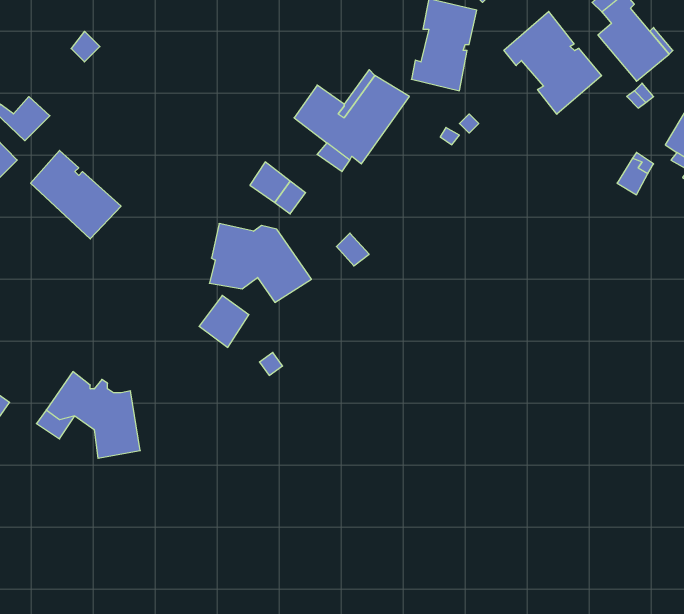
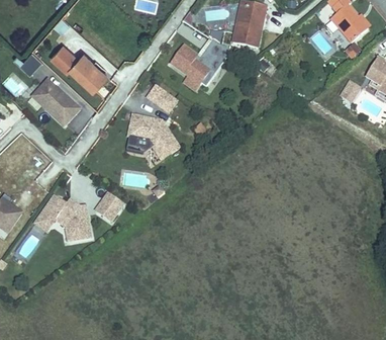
building: [504,11,602,114] -> none
building: none -> [51,46,106,90]
building: [199,295,249,347] -> [96,194,122,222]

